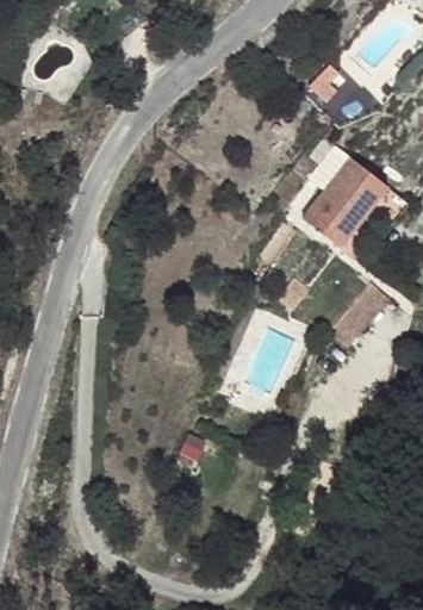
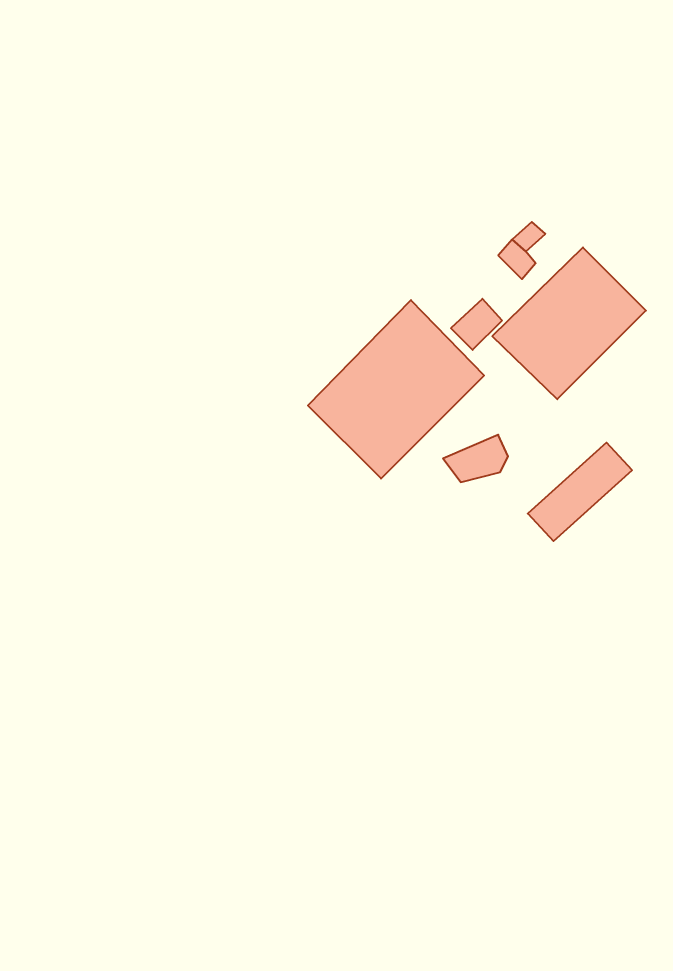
building: none -> [308,300,484,479]

